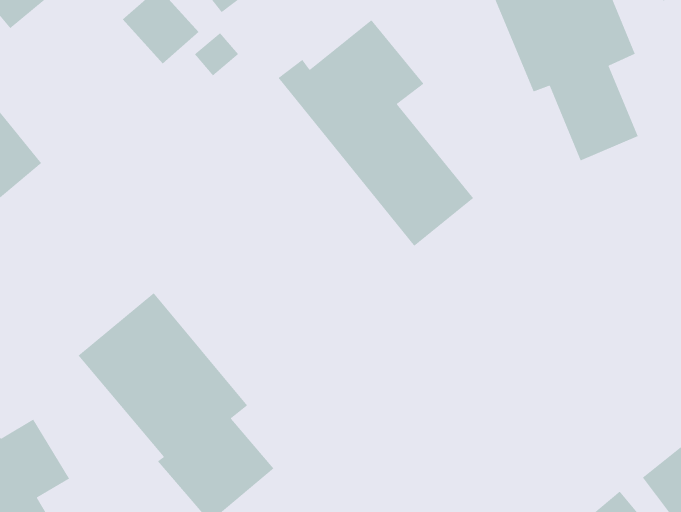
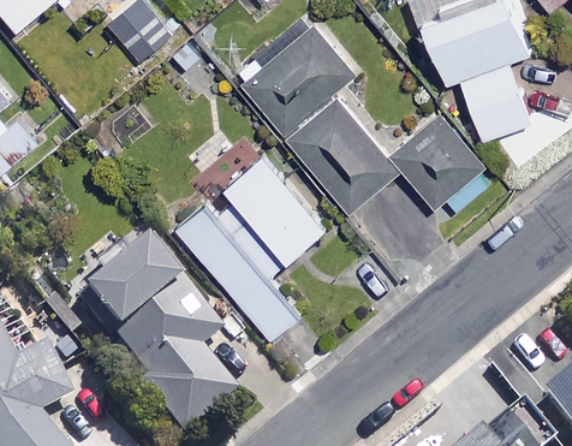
building: none -> [389,112,490,214]
building: none -> [177,155,324,339]

